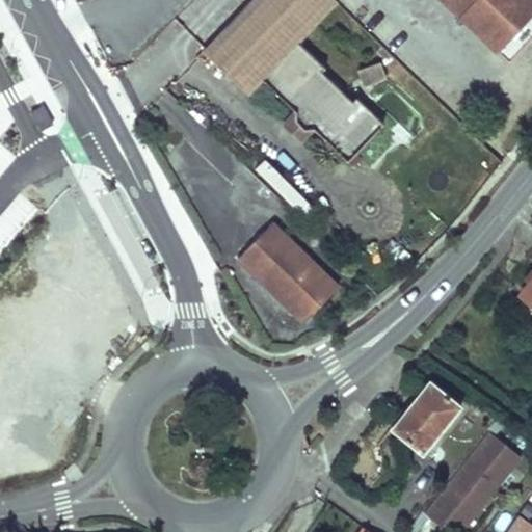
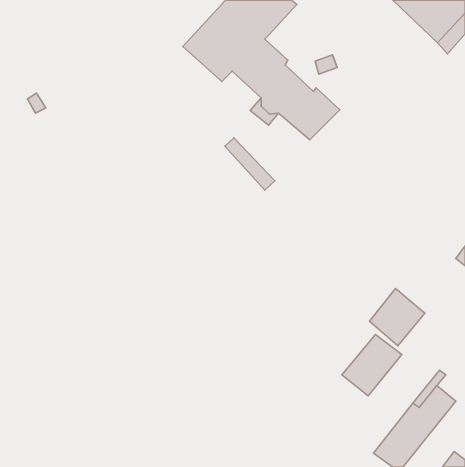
building: [240,223,340,323] -> none
building: none -> [370,289,425,346]

